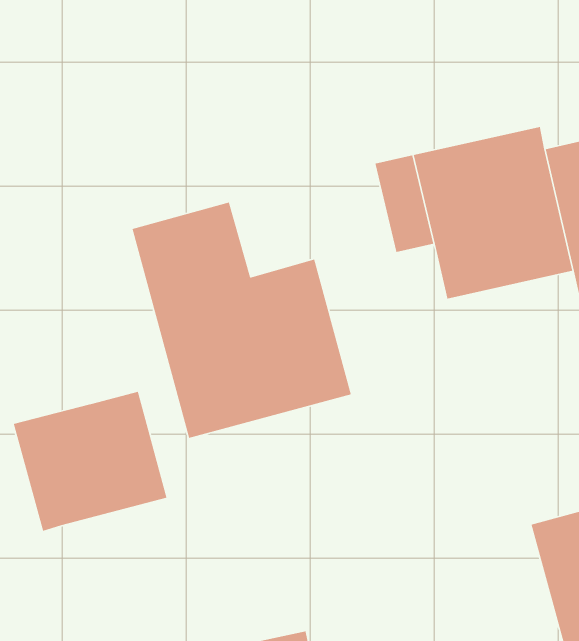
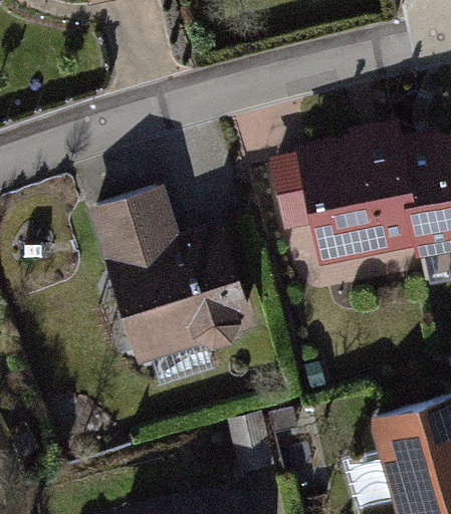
building: [13,391,167,532] -> none

